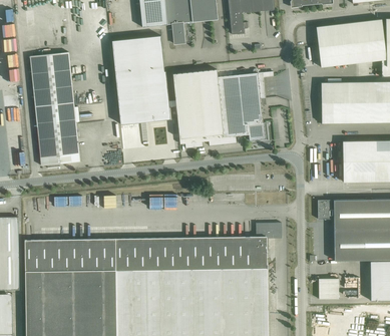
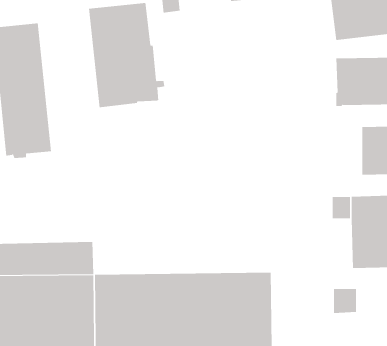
building: [173,69,266,147] -> none
building: [115,222,282,266] -> none

